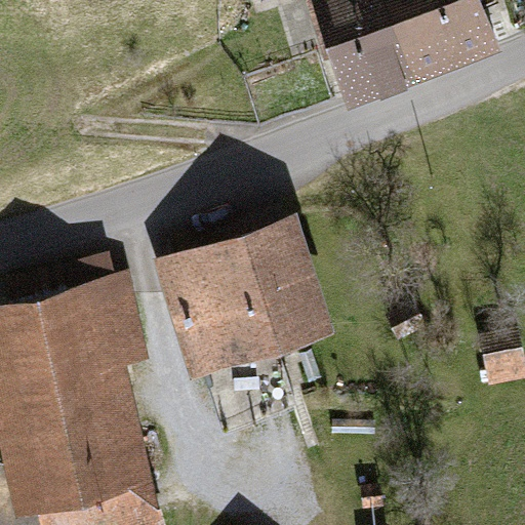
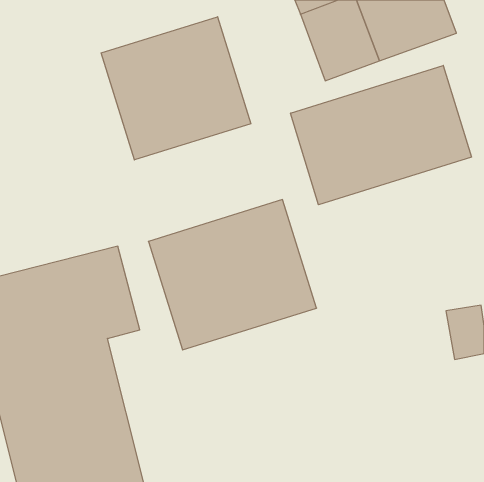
building: none -> [101,17,251,160]
building: none -> [291,65,471,205]

